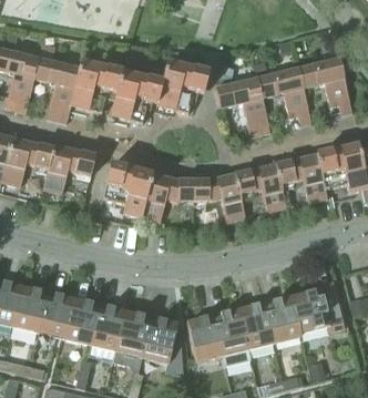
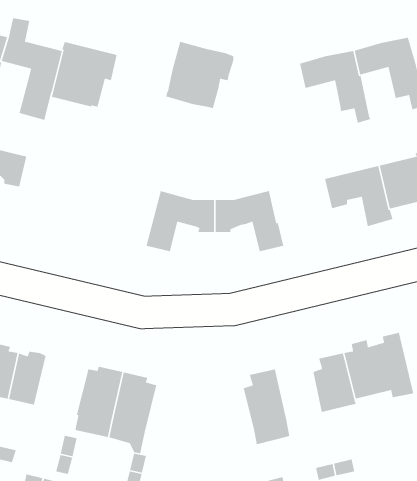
building: [111,71,162,121] -> none
building: [215,78,270,134] -> none
building: [43,144,95,191] -> none
building: [102,163,153,215] -> none
building: [235,164,286,211] -> none
building: [59,297,99,343] -> none
building: [239,303,274,346] -> none
building: [186,315,223,359] -> none
building: [142,317,183,373] -> none

